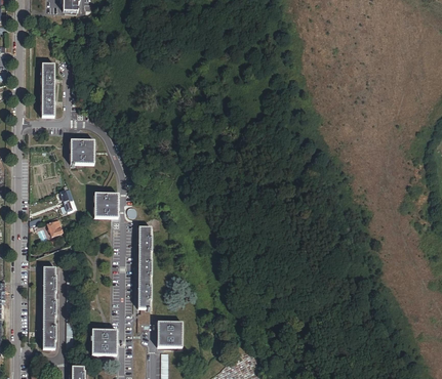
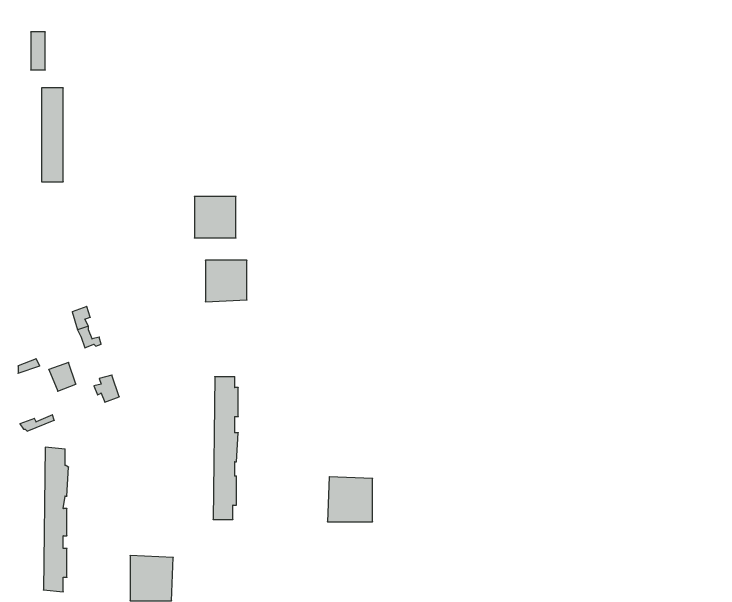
building: [72,141,95,165] -> [194,196,236,238]
building: [95,195,119,218] -> [205,260,247,302]
building: [157,320,183,345] -> [327,477,373,522]

